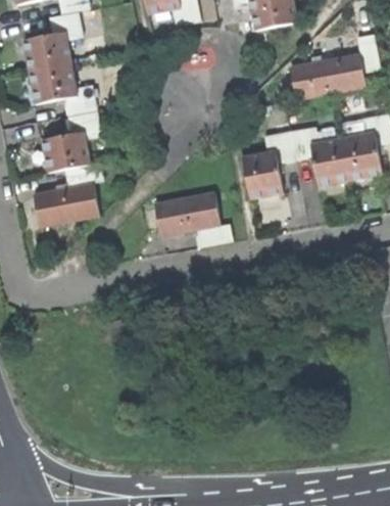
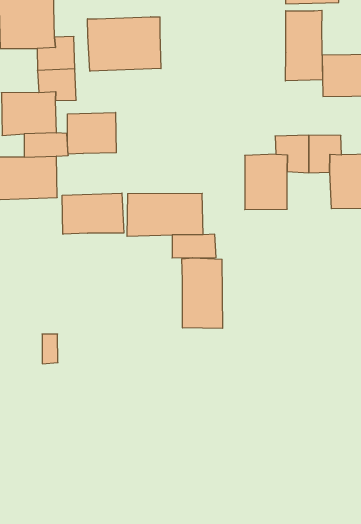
building: none -> [285,10,323,81]
building: none -> [88,17,161,71]
building: none -> [67,112,116,154]
building: none -> [62,193,124,234]
building: none -> [182,258,223,328]

